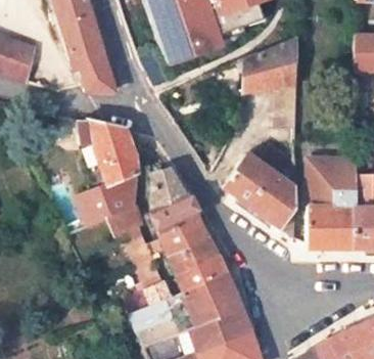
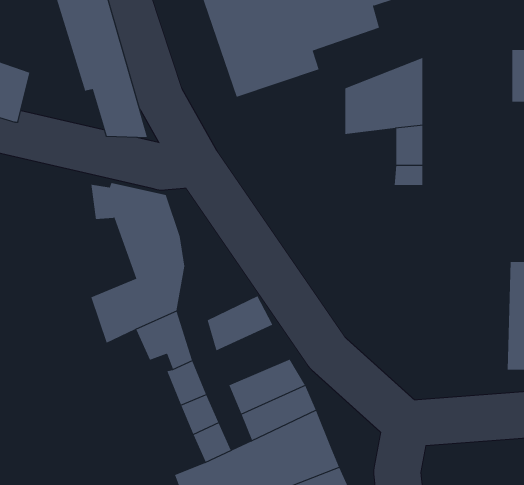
building: [223,144,295,236] -> none
building: [308,155,354,244] -> none
building: [152,169,187,212] -> none
building: [159,215,208,255] -> none

